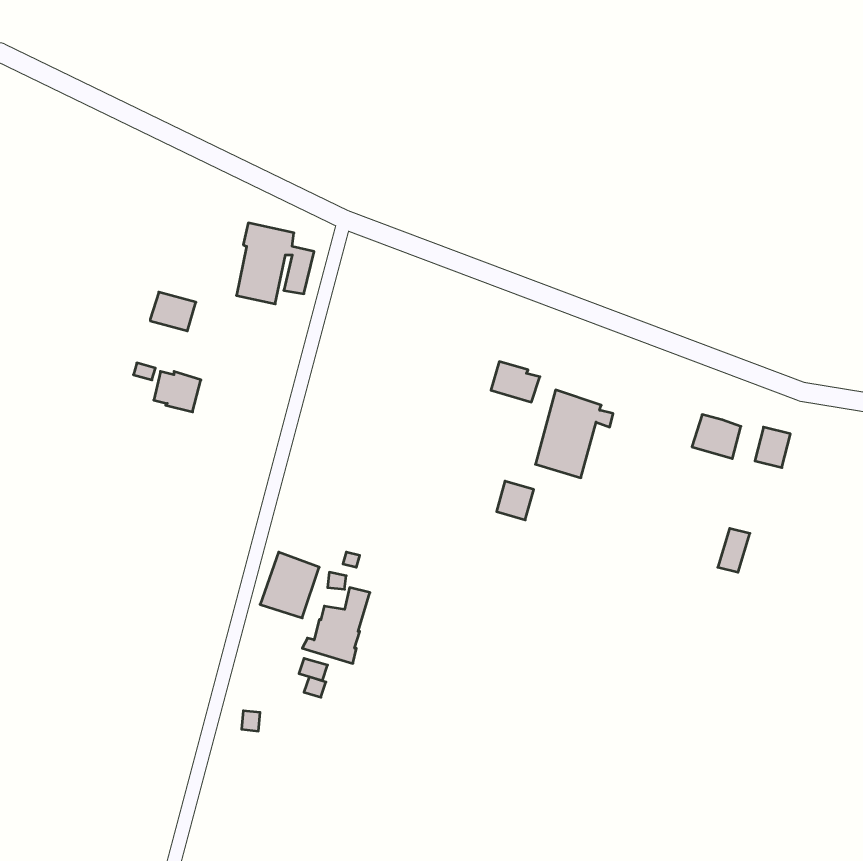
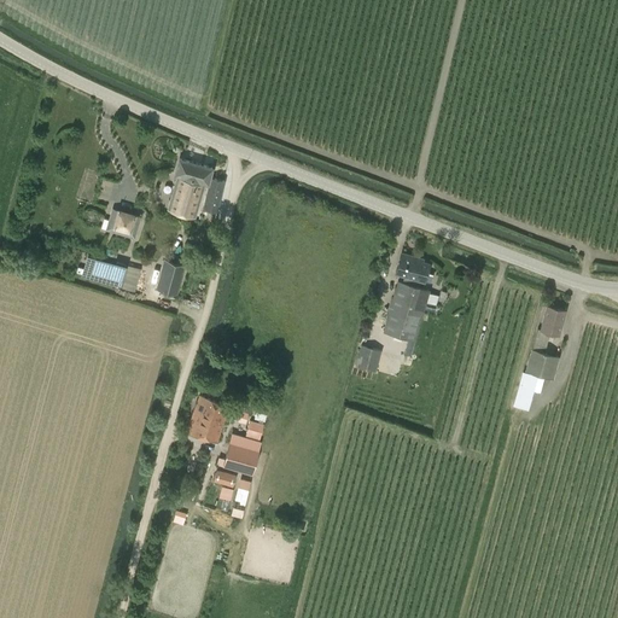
building: [491,362,540,402] -> [395,253,430,282]
building: none -> [157,261,183,295]
building: [692,415,741,459] -> [524,349,559,380]

